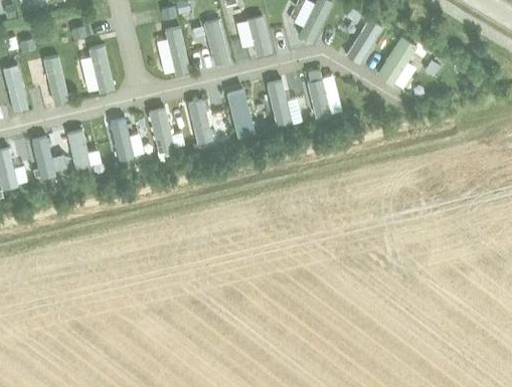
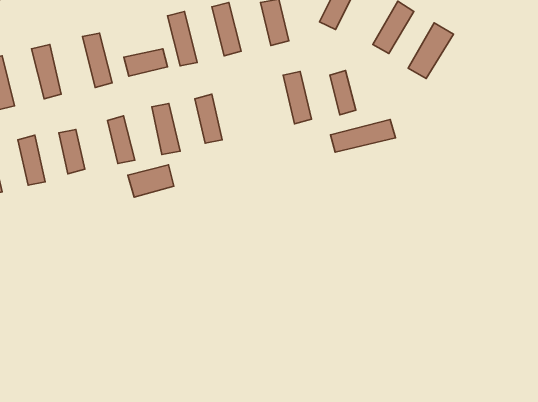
building: none -> [124,49,167,76]
building: [226,89,253,138] -> none
building: none -> [331,120,395,152]
building: none -> [128,165,174,197]

